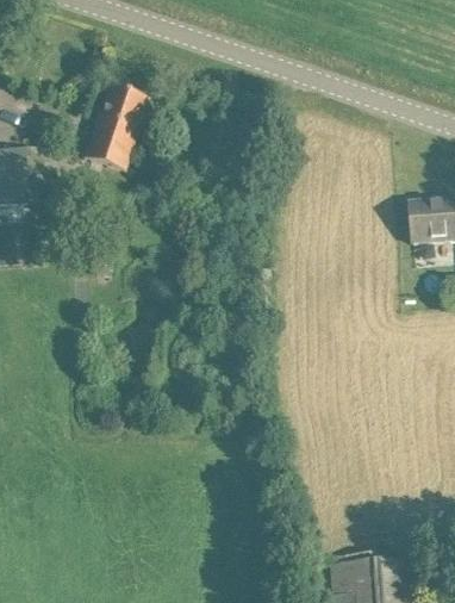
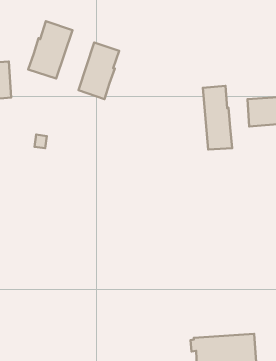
building: none -> [78,43,119,99]
building: none -> [203,86,232,150]

